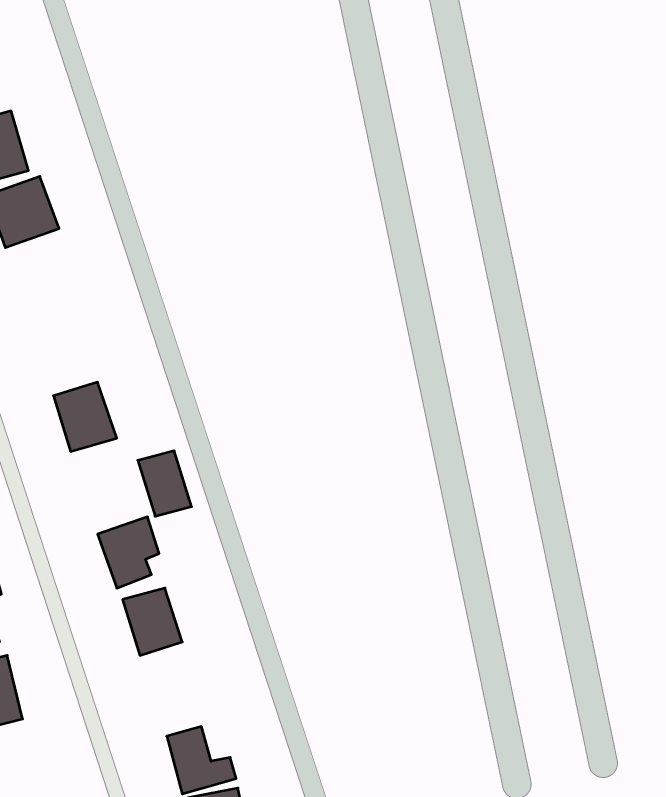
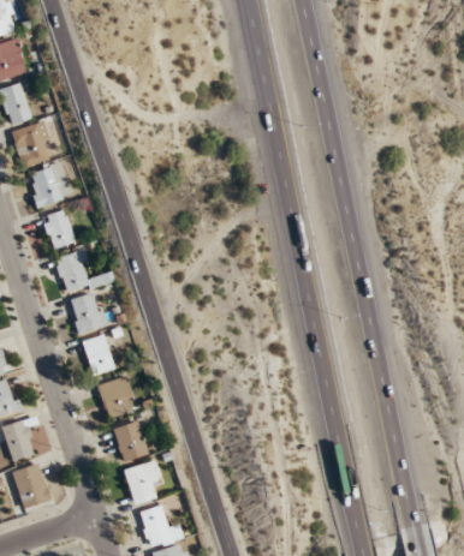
building: none -> [42,210,76,251]
building: none -> [55,251,99,295]
building: [138,451,192,516] -> [82,335,115,376]
building: none -> [123,460,163,504]

